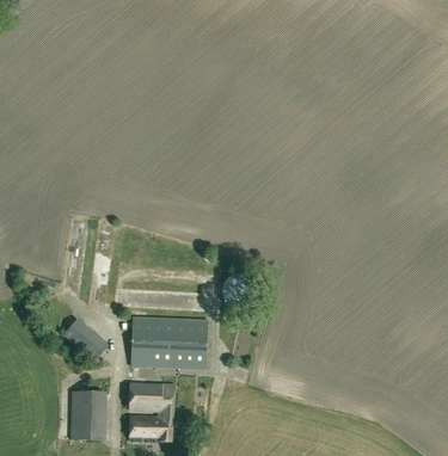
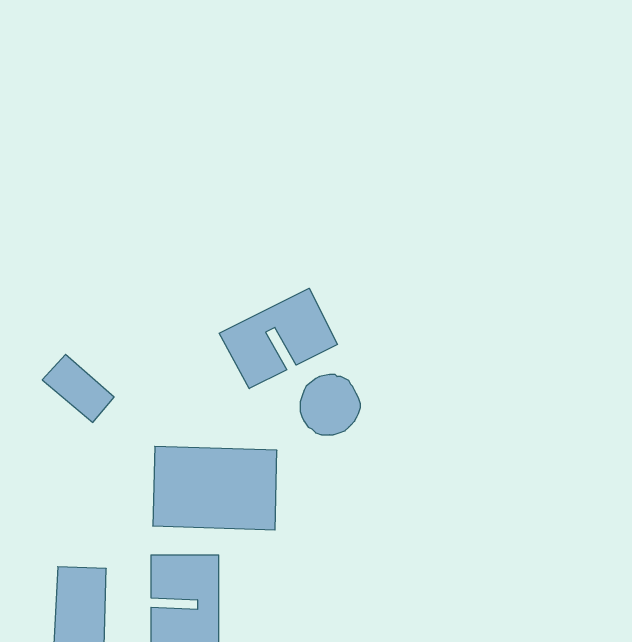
building: none -> [219,288,337,389]
building: [63,319,108,361] -> [42,354,114,422]

